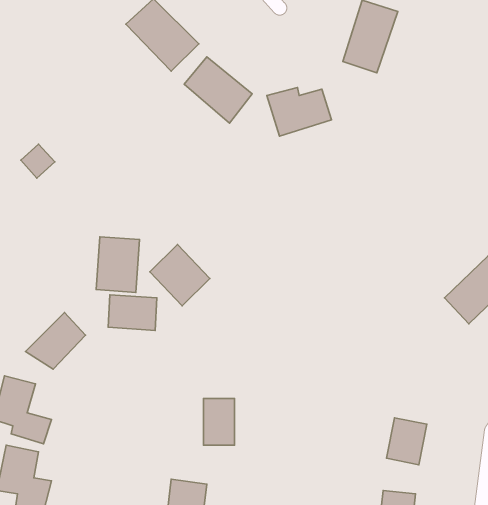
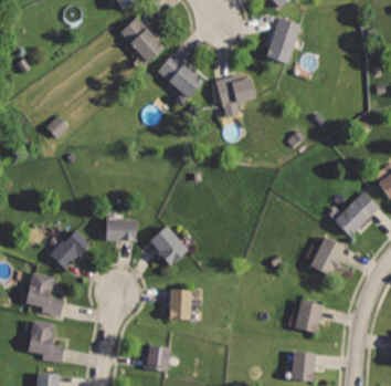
building: [96,237,139,292] -> none
building: [150,244,210,306] -> [148,225,189,267]
building: none -> [309,237,346,278]

